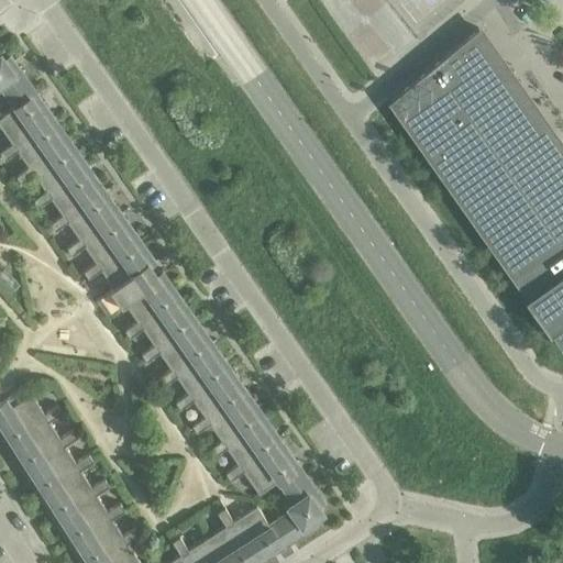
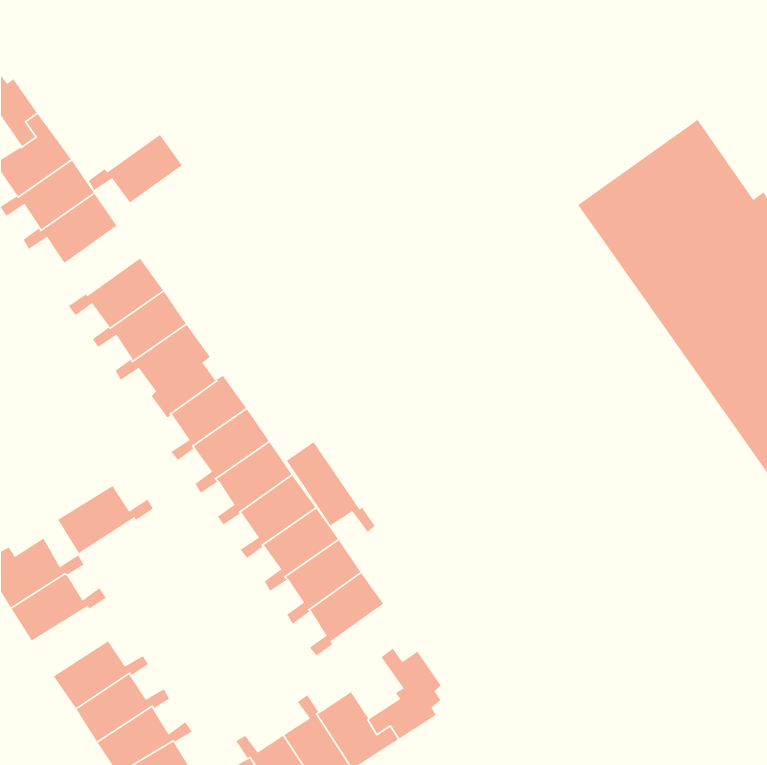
building: [390,31,511,153] -> none
building: [35,168,104,219] -> [88,134,183,203]
building: none -> [286,441,376,533]
building: [244,444,307,497] -> none
building: [25,446,96,497] -> [57,485,154,554]

